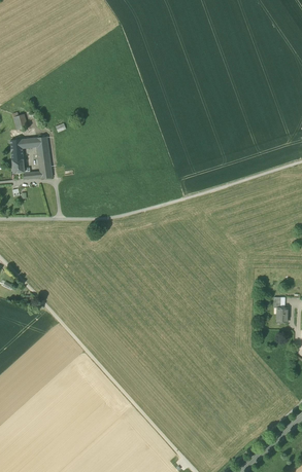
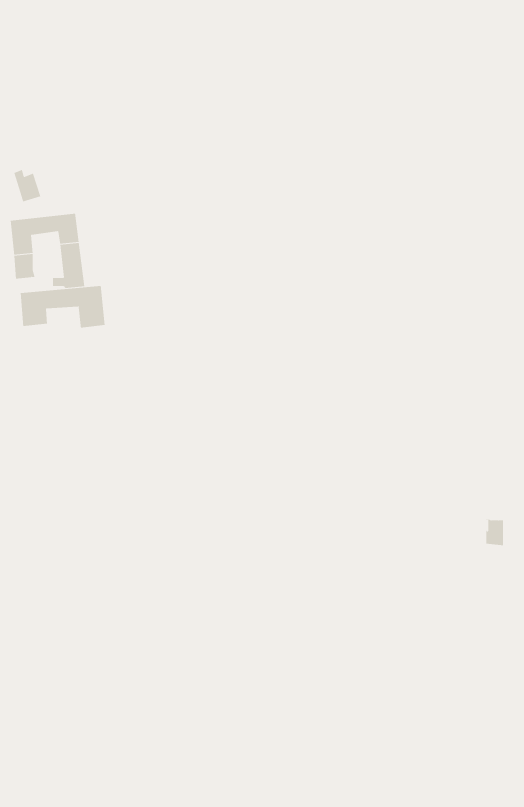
building: none -> [20,285,105,328]

